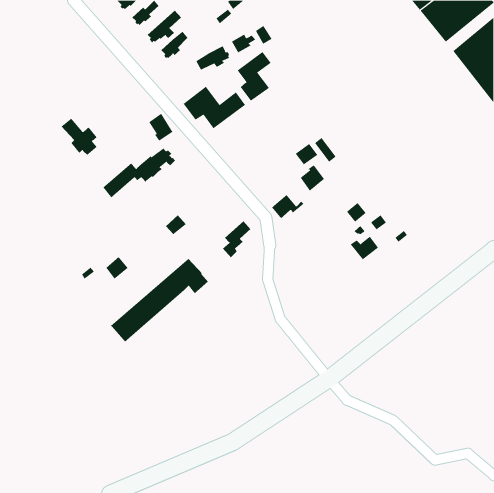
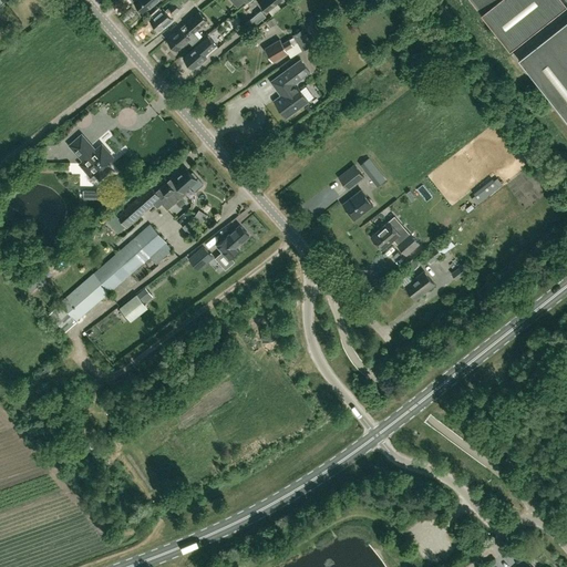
building: [196,45,230,70] -> none
building: [183,86,246,129] -> none
building: [149,113,173,142] -> none
building: [271,194,304,219] -> [372,221,410,250]
building: [222,220,251,258] -> [216,226,249,269]
building: [110,258,209,342] -> [60,225,173,321]

